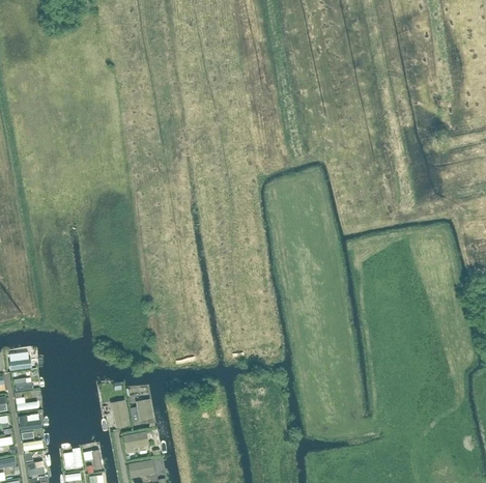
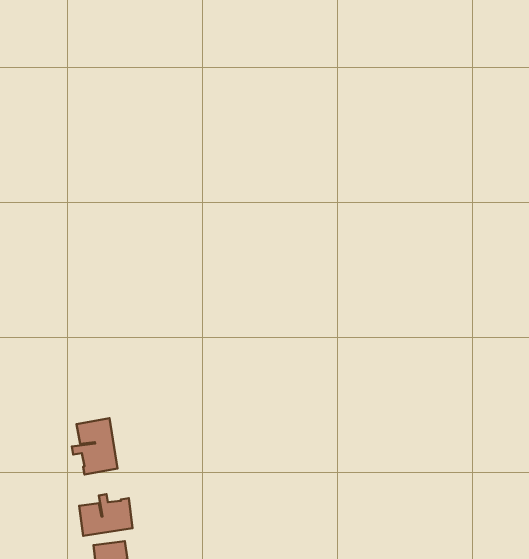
building: none -> [72,418,117,475]

